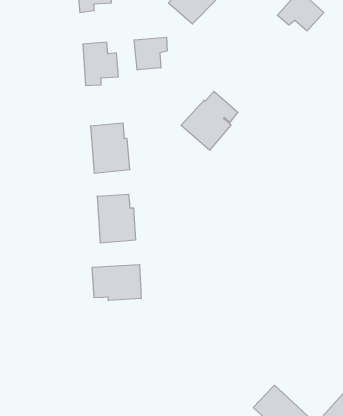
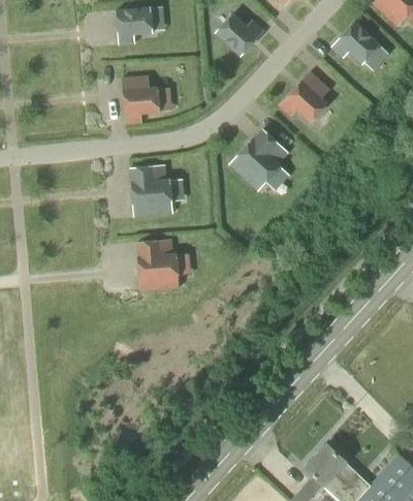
building: [134,37,167,70] -> none
building: none -> [282,71,331,123]
building: [92,264,141,301] -> none

